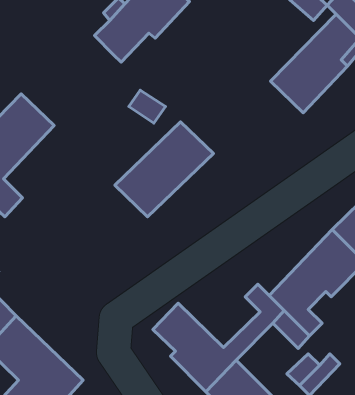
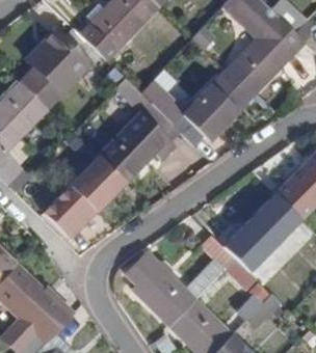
building: none -> [20,28,96,108]
building: none -> [151,72,252,146]
building: none -> [43,157,124,238]

